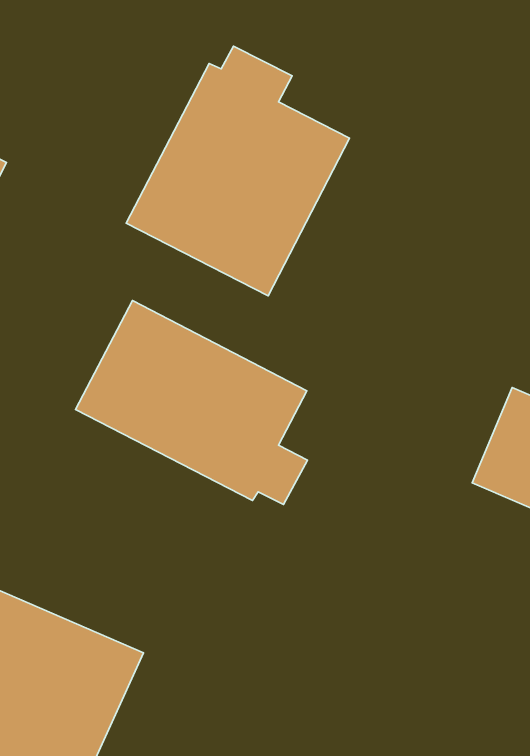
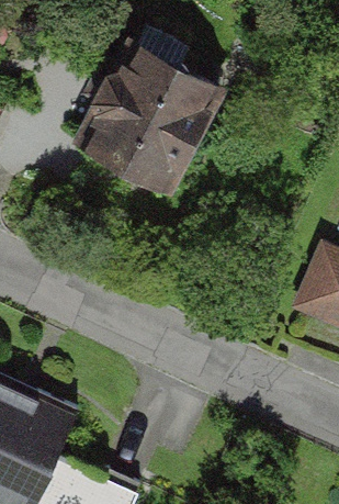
building: [76,301,308,505] -> none

